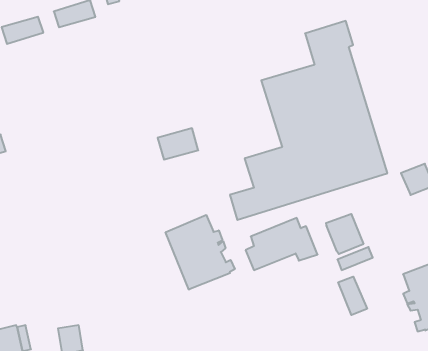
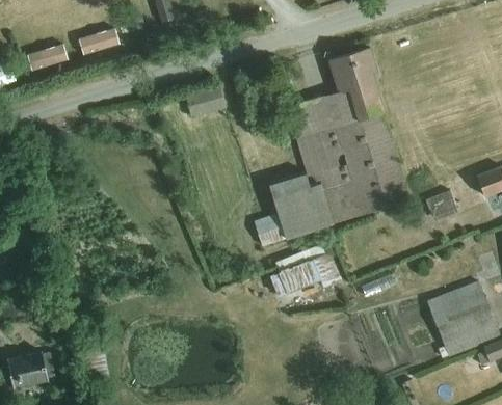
building: [158,128,198,160] -> [186,86,227,117]
building: [326,214,363,254] -> none
building: [166,215,235,290] -> none
building: [338,277,367,315] -> none

